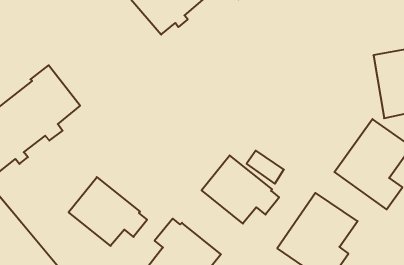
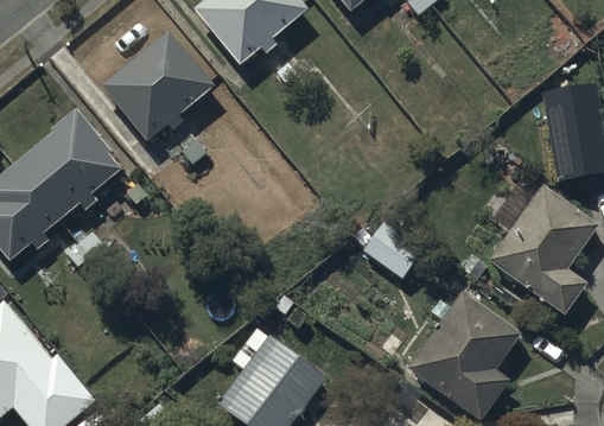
building: none -> [100,30,212,139]
building: [202,155,279,224] -> none
building: [69,177,147,246] -> none

